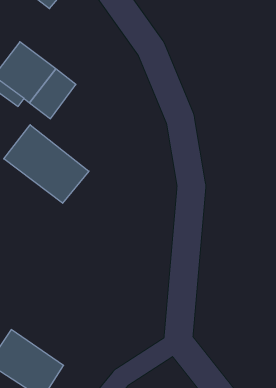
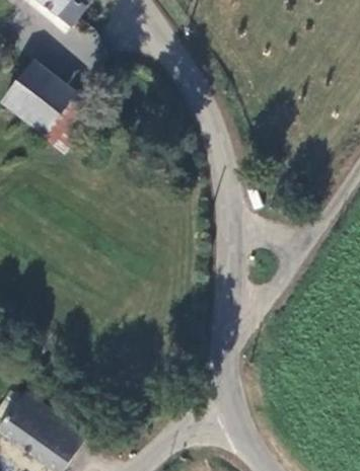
building: [4,125,89,203] -> none

